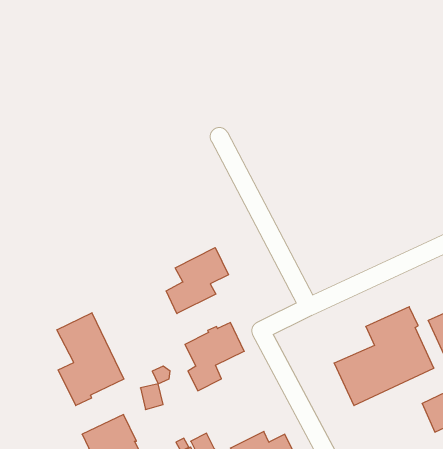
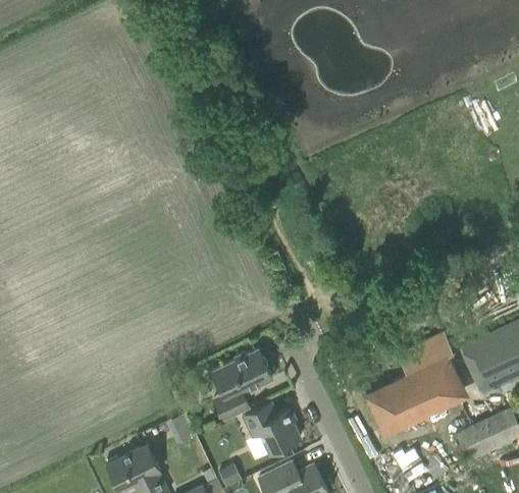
building: [166,248,229,314] -> none
building: [57,313,124,406] -> none
building: none -> [242,403,301,454]

